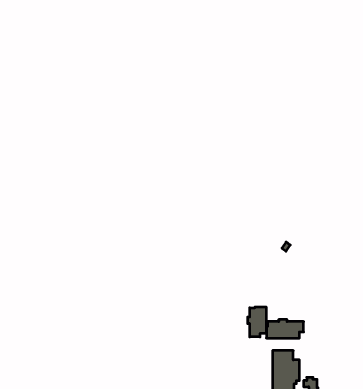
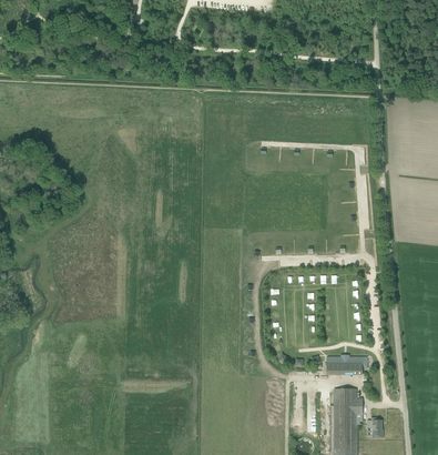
building: [248,307,266,337] -> none

